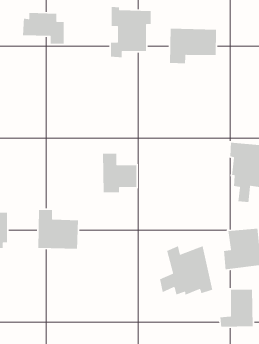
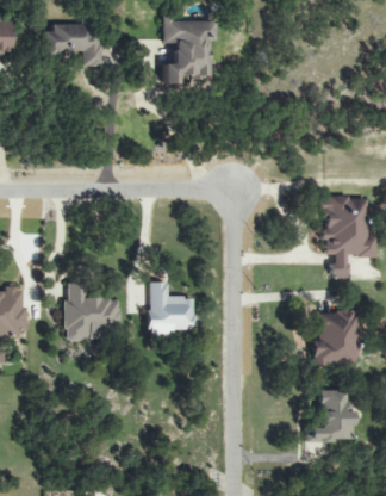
building: [169,28,217,64] -> none
building: [102,153,137,193] -> [148,281,194,335]
building: [159,245,213,296] -> none

